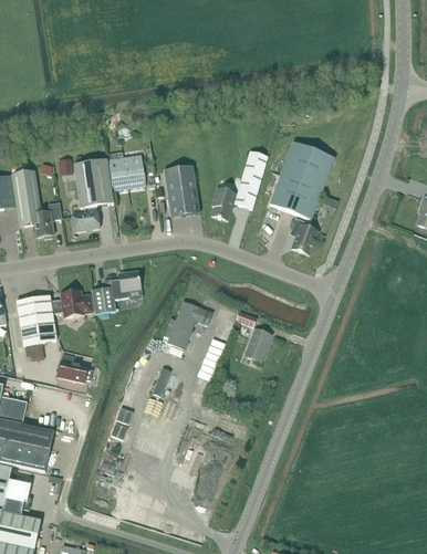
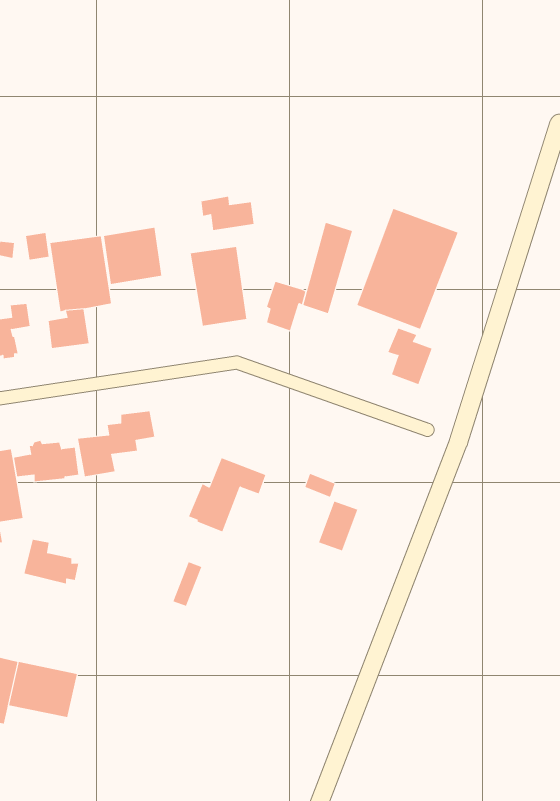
building: none -> [201,196,254,231]
building: none -> [9,661,78,718]

